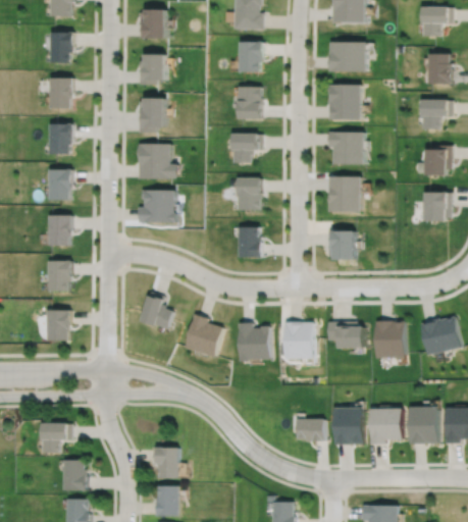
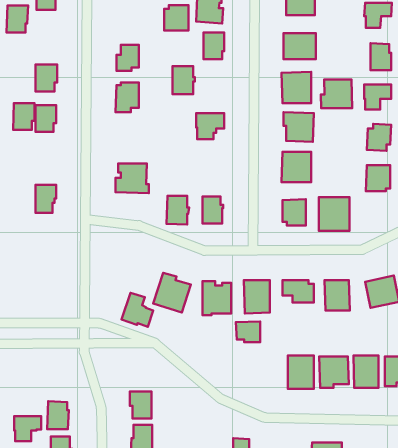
building: [140,9,167,38] -> [164,5,188,30]
building: [48,32,72,62] -> [7,6,28,33]
building: [237,87,262,118] -> [173,66,195,94]
building: none -> [321,79,352,108]
building: [139,143,177,178] -> none
building: [47,169,71,200] -> [13,103,35,130]
building: [236,177,261,210] -> [167,196,189,225]
building: none -> [319,197,350,231]
building: [48,262,69,290] -> none
building: [138,291,173,329] -> [122,293,153,327]
building: [48,310,69,340] -> none
building: [298,419,325,442] -> [236,321,260,342]
building: [40,424,70,453] -> [14,416,41,441]

